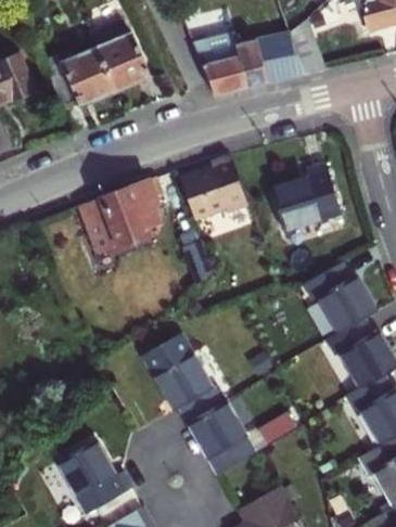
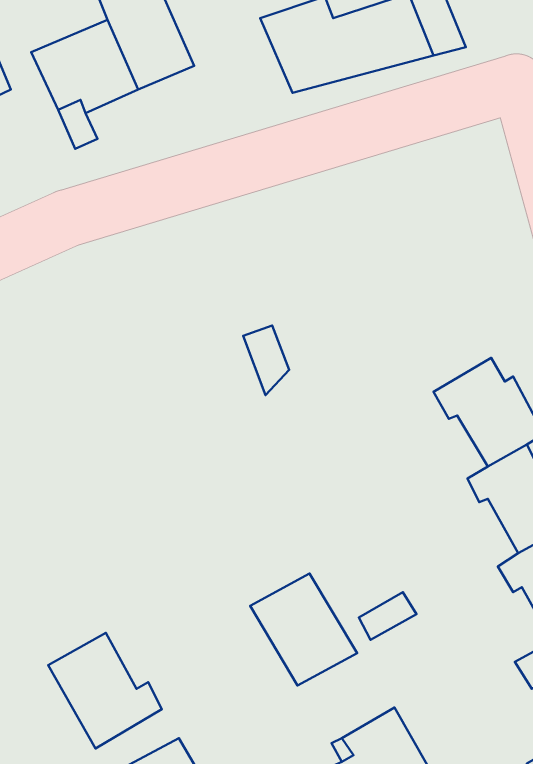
building: [181,156,247,220] -> none
building: [270,165,341,231] -> none
building: [84,181,162,253] -> none
building: [143,335,225,423] -> none

